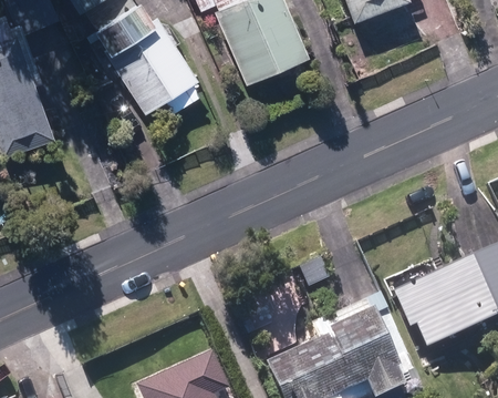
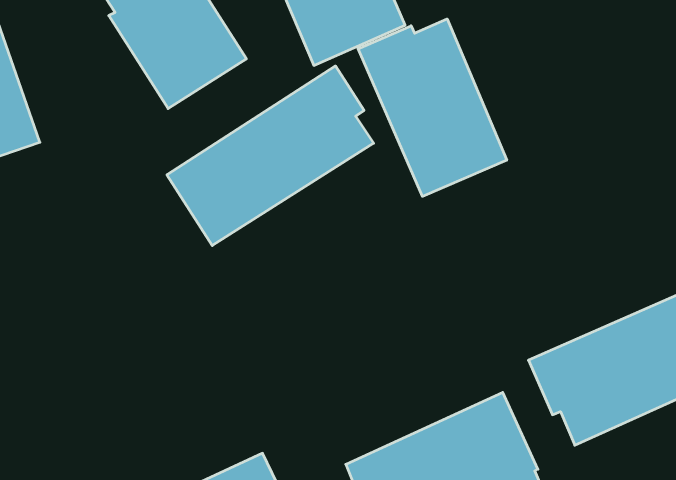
building: none -> [358,19,507,196]
building: none -> [167,66,374,246]

